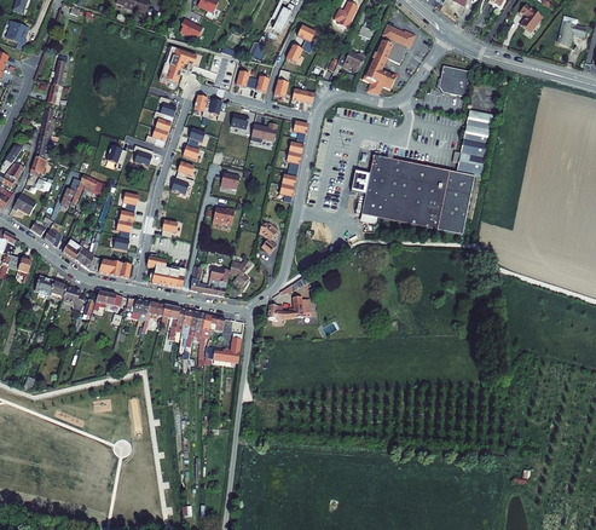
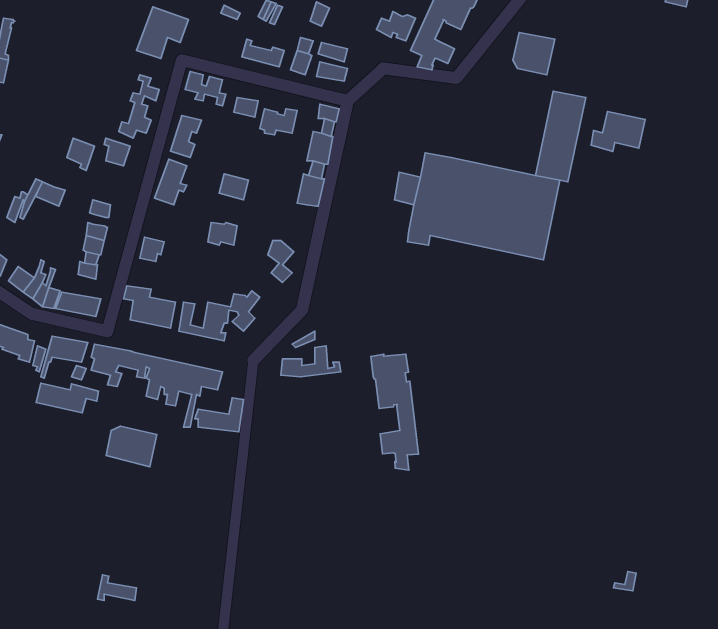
building: none -> [591,111,645,152]
building: none -> [371,354,418,470]
building: none -> [36,383,99,413]
building: none -> [106,426,157,467]

